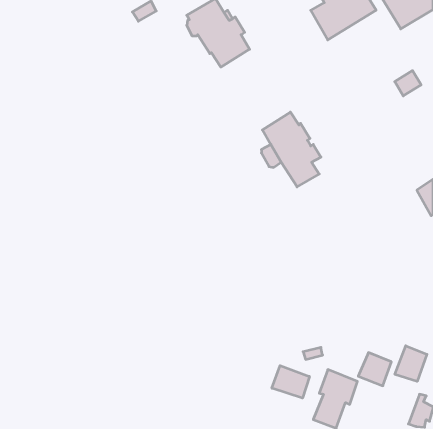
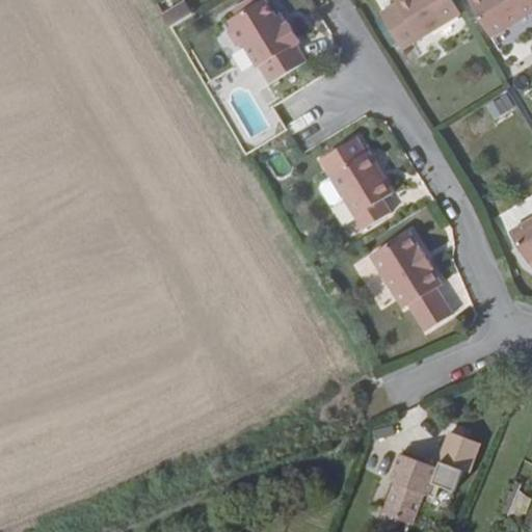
building: none -> [370,231,453,331]
building: [395,346,427,381] -> none
building: [272,366,309,398] -> none

